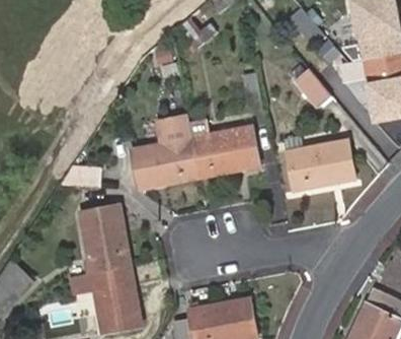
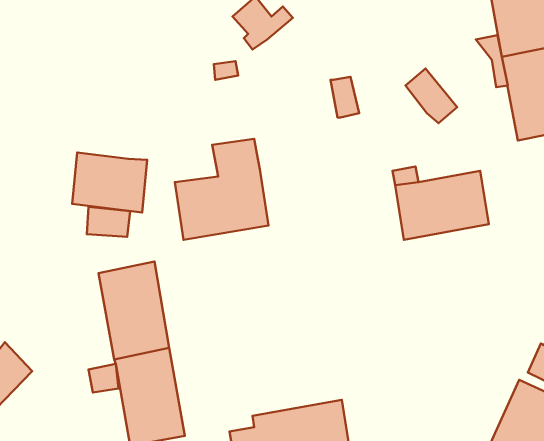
building: [190,124,259,178] -> none
building: none -> [72,153,147,213]

